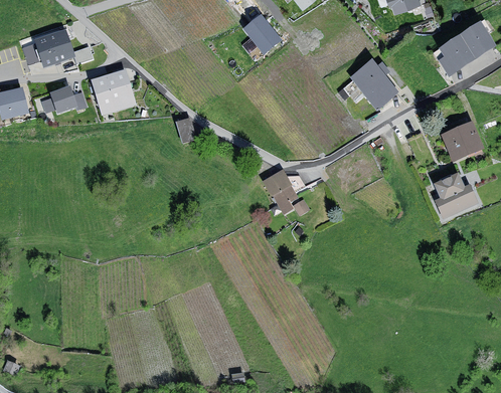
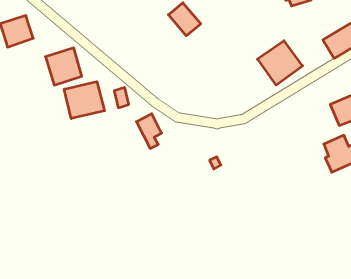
building: [48,83,85,112] -> none
building: none -> [64,82,105,119]
building: [265,174,296,217] -> [136,114,162,148]

